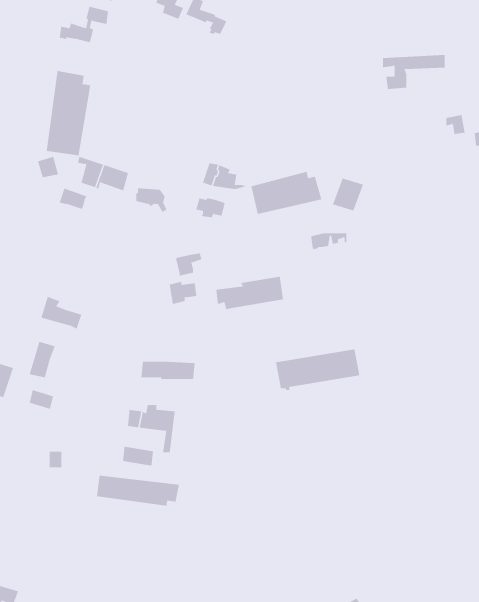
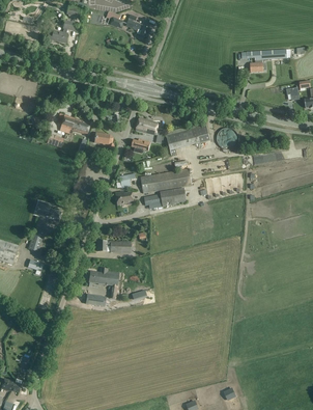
building: [46,70,91,156] -> none
building: [275,349,360,391] -> [140,168,193,194]
building: [97,475,179,506] -> none

